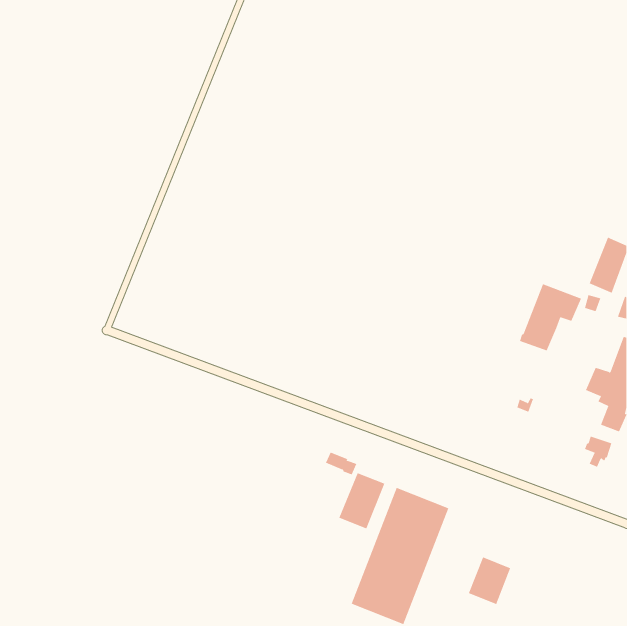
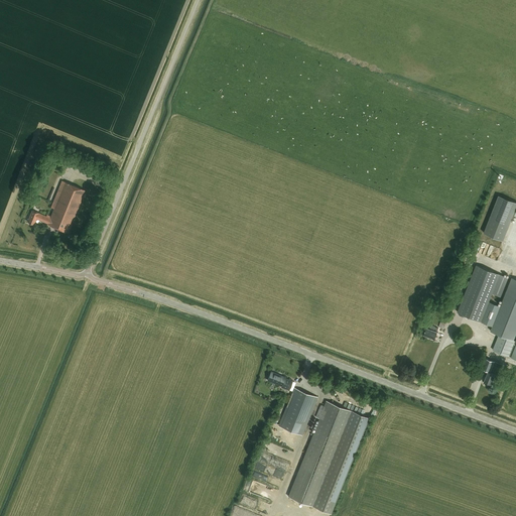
building: none -> [27,181,86,234]
building: [519,284,582,351] -> [458,266,509,321]
building: [468,557,511,605] -> none

